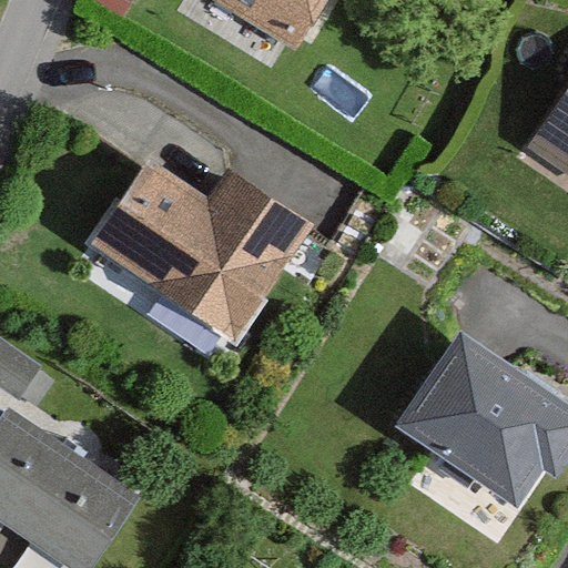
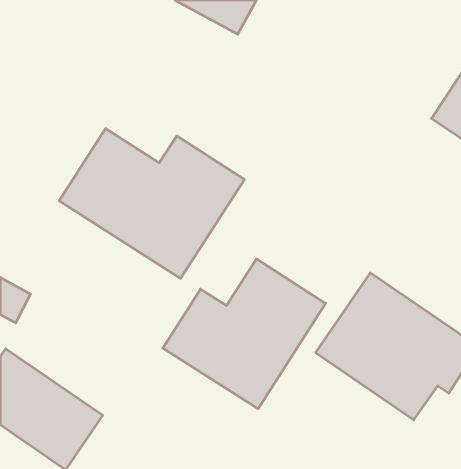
building: none -> [163,259,326,409]

